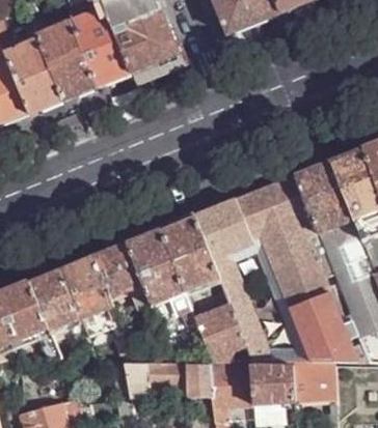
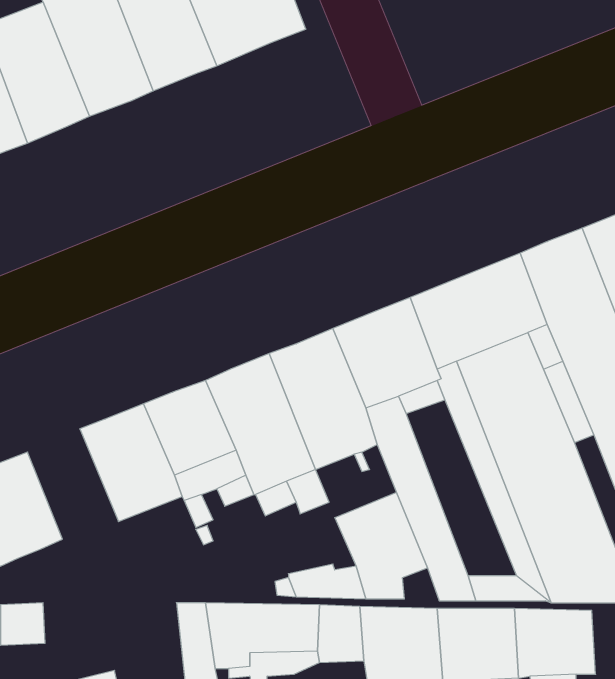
building: [30,267,79,329] -> none

